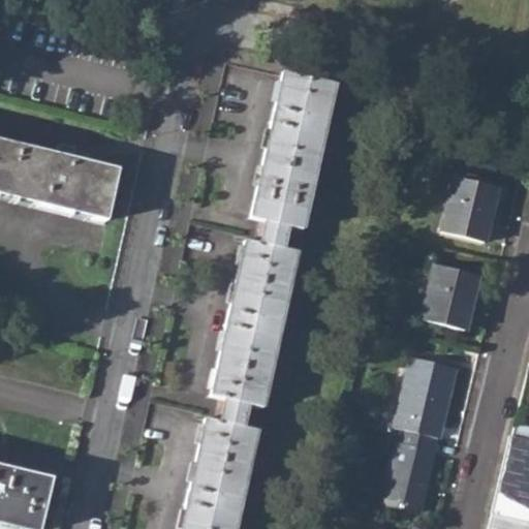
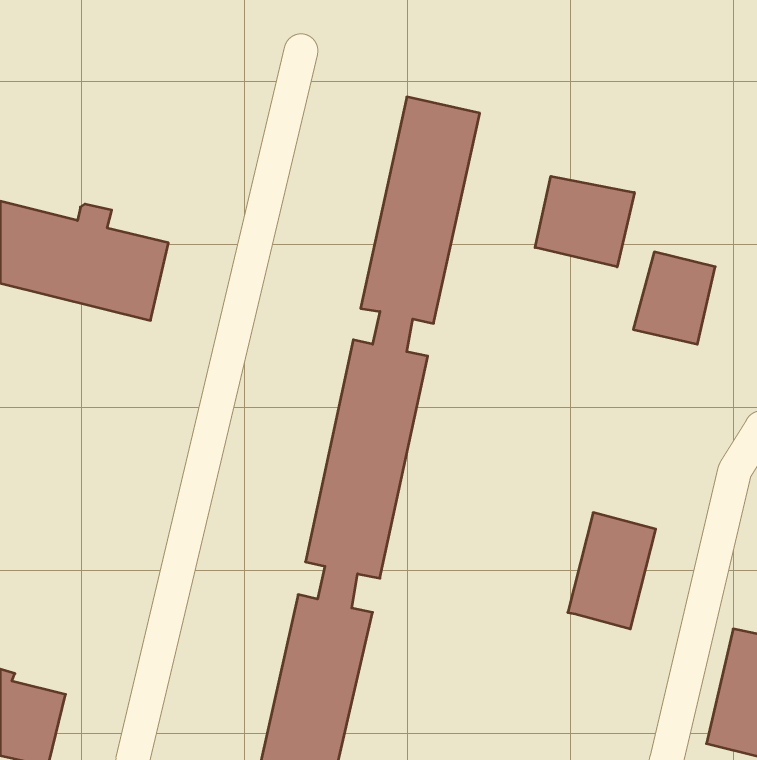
building: none -> [535,176,634,267]
building: [422,260,478,325] -> none
building: [383,427,440,512] -> none

